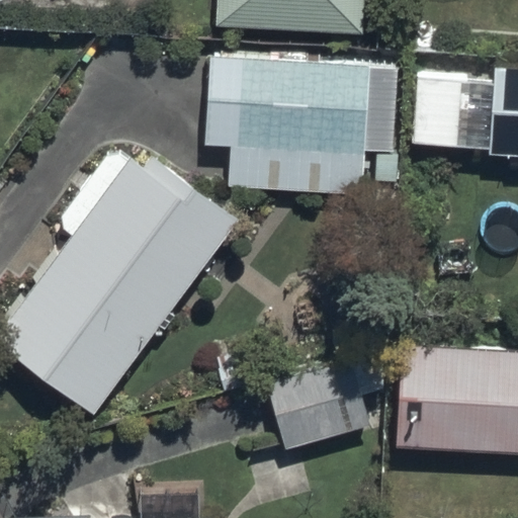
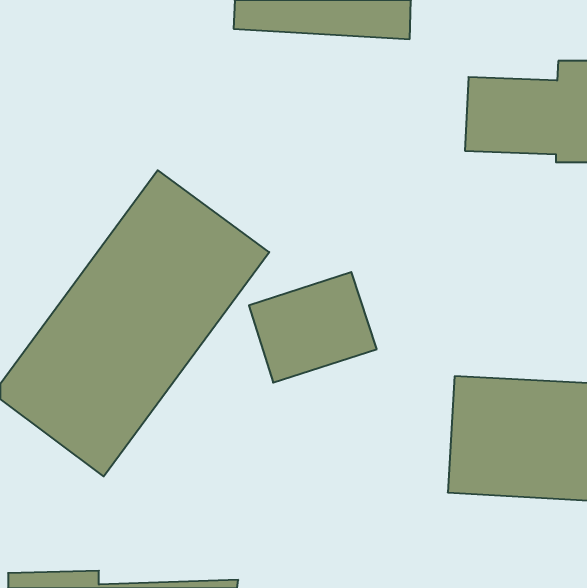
building: [222,58,390,201] -> none
building: [263,347,375,444] -> [249,272,377,383]

